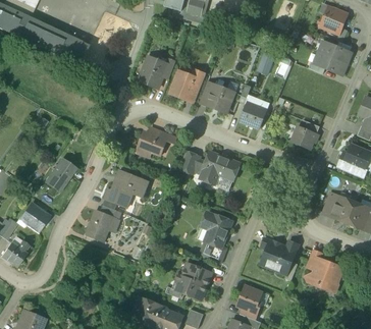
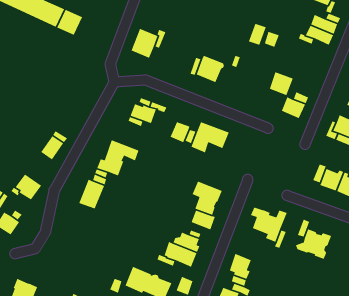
building: [170,69,204,99] -> none
building: [241,102,266,127] -> [269,71,294,96]

